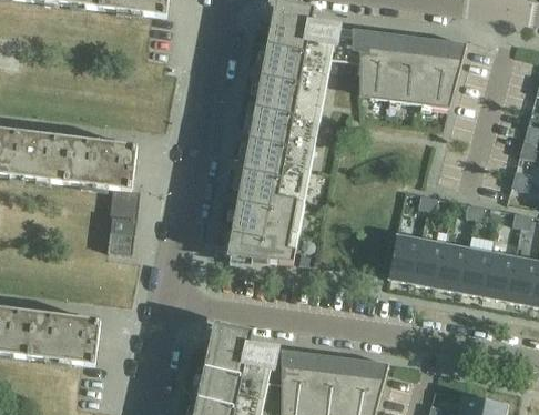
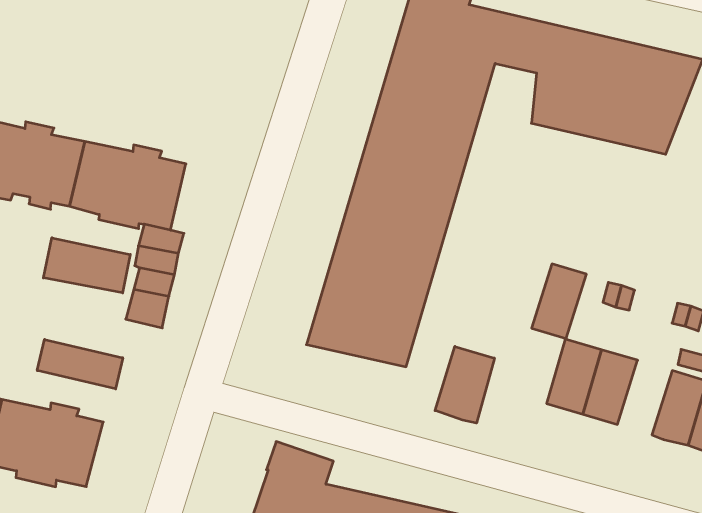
building: none -> [43,238,130,293]
building: [435,243,467,291] -> [532,264,586,338]
building: none -> [435,346,494,423]
building: none -> [37,339,123,389]

